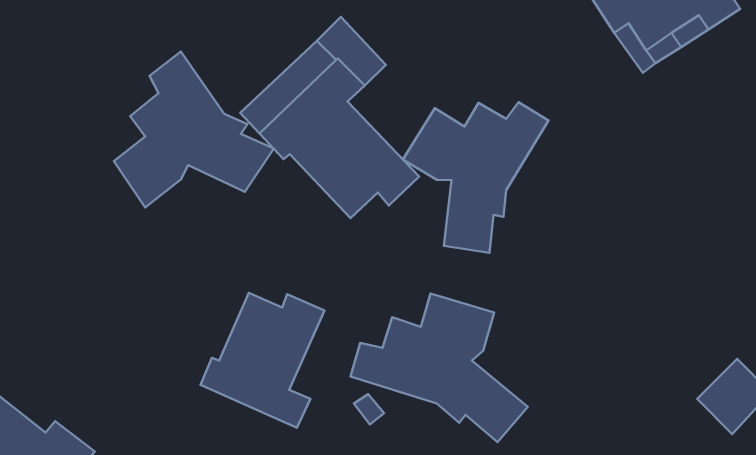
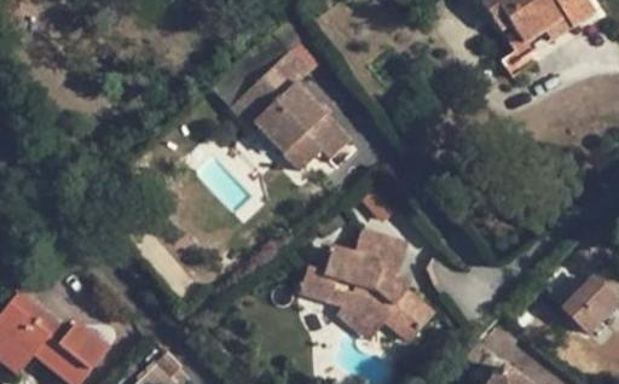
building: [114,52,274,208] -> none
building: [403,102,549,253] -> none
building: [200,293,324,428] -> none

